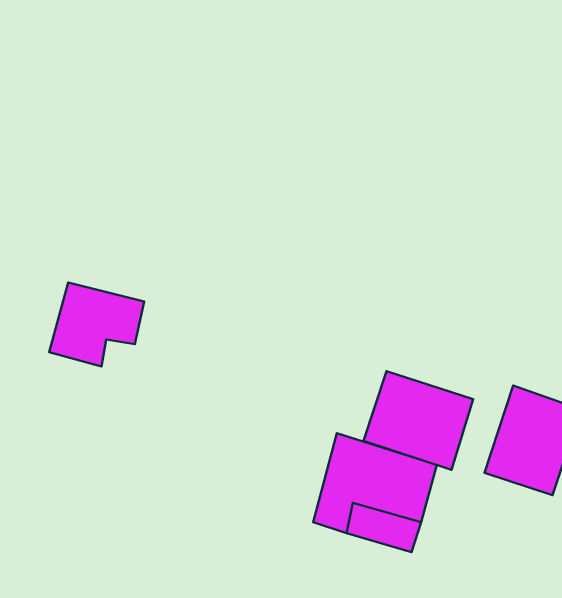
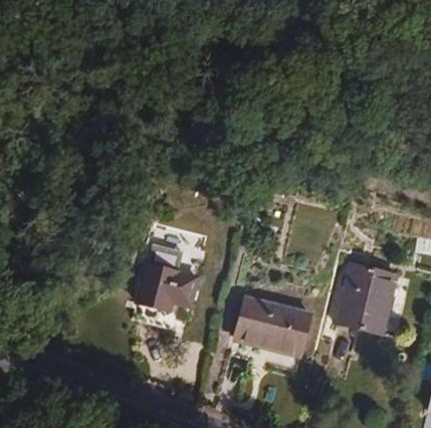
building: [49,282,144,367] -> [137,260,197,313]
building: [364,371,473,470] -> none

